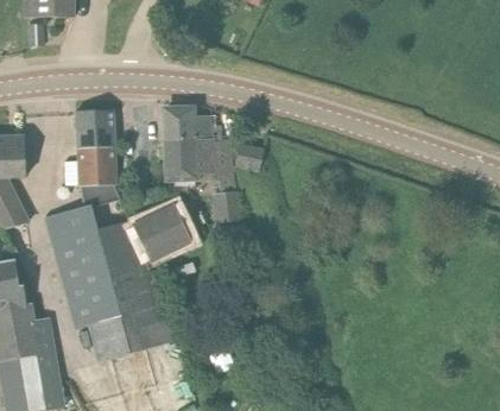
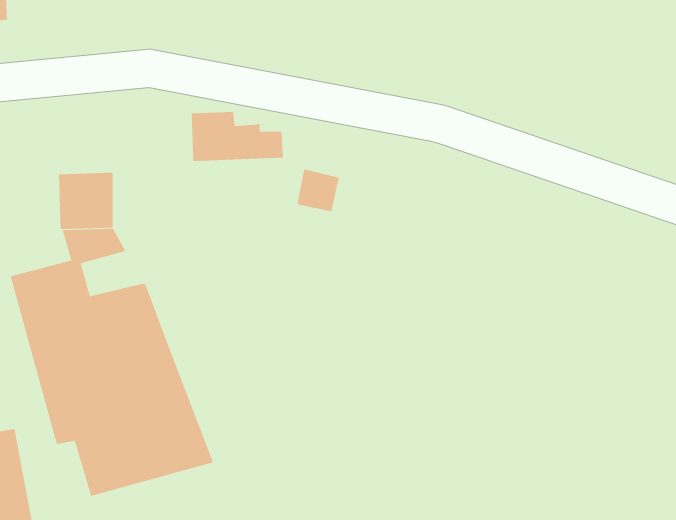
building: [76,108,113,147] -> none
building: [165,137,241,222] -> none
building: [134,201,191,261] -> none

